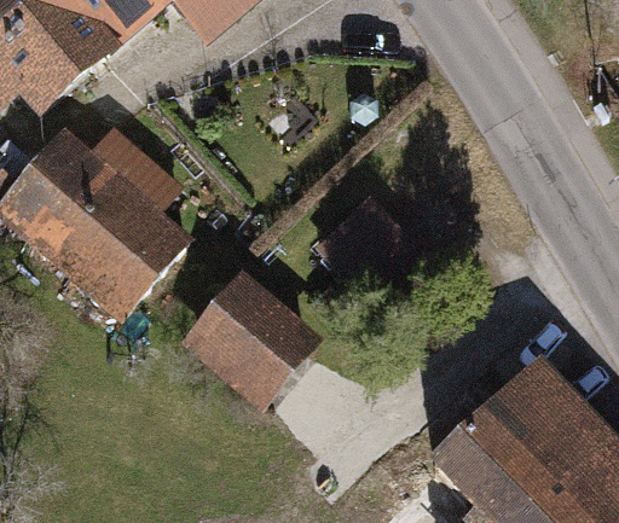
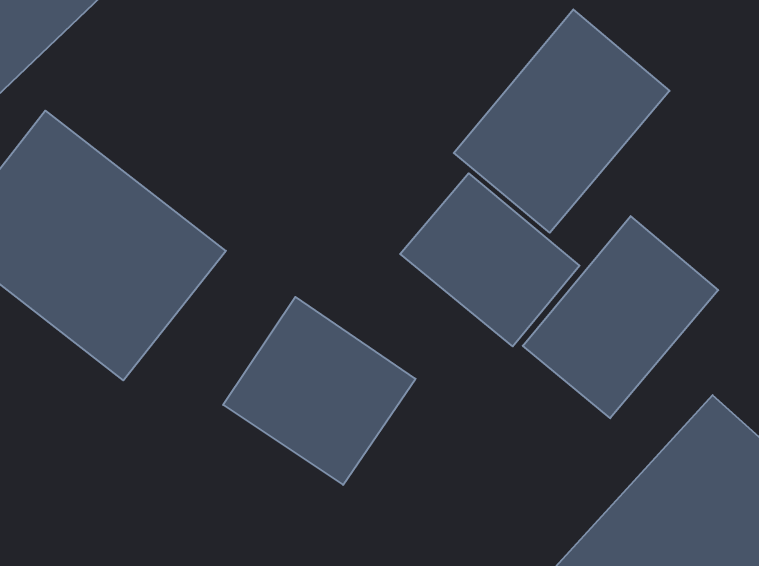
building: none -> [454,9,670,233]
building: none -> [523,216,718,418]

